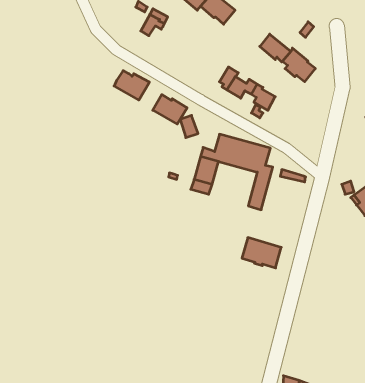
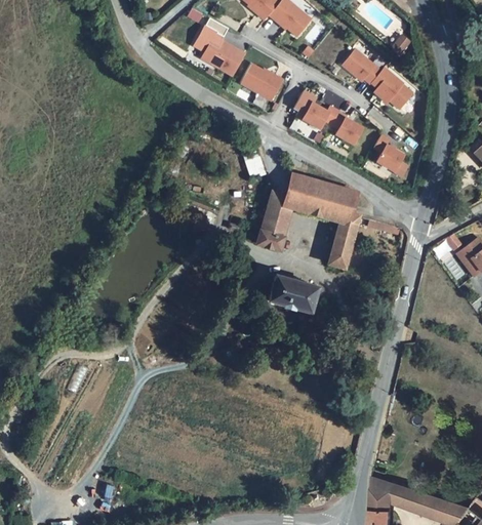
building: [114,71,149,100] -> [201,39,245,76]
building: [153,95,187,124] -> [240,64,283,100]
building: none -> [373,135,403,171]
building: [242,238,281,268] -> [268,275,317,313]

